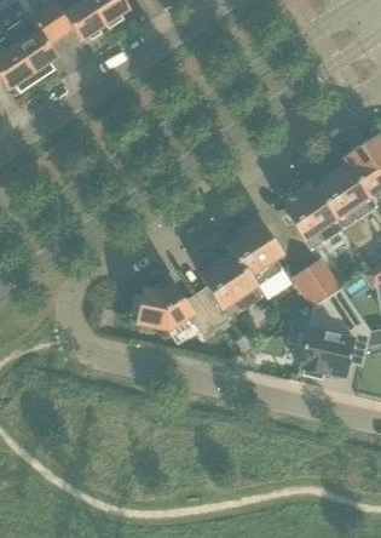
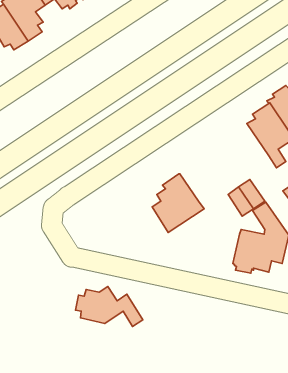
building: [284,181,344,250] -> none
building: [227,223,283,286] -> none
building: [131,284,217,334] -> [76,287,143,326]

